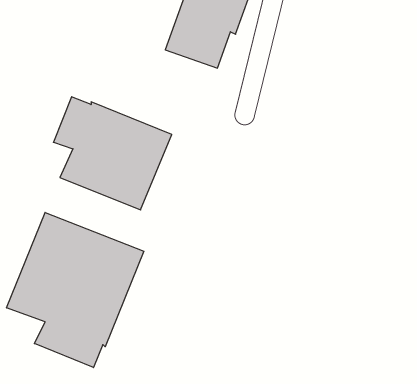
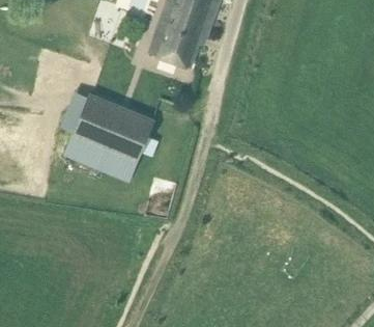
building: [7,212,144,368] -> none

